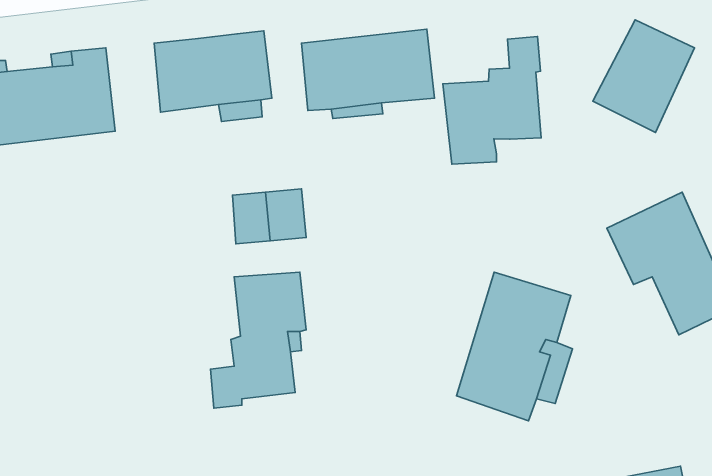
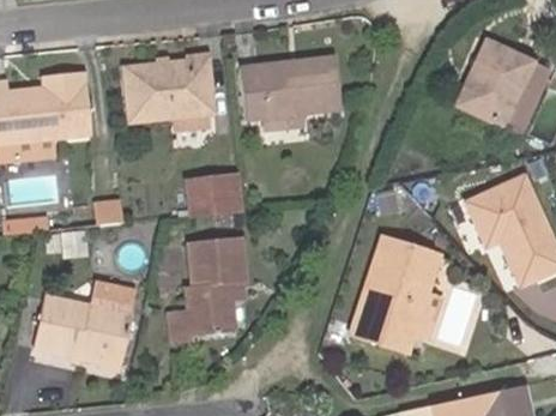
building: [443,36,541,164] -> none
building: none -> [31,290,129,358]

